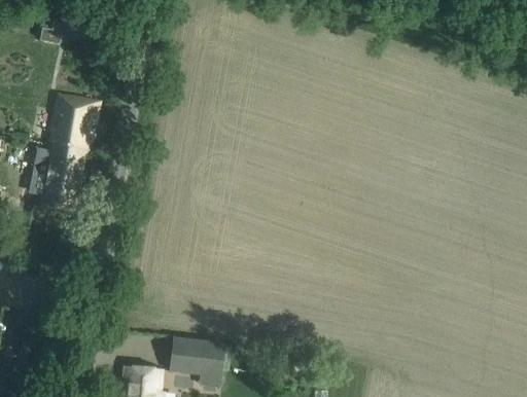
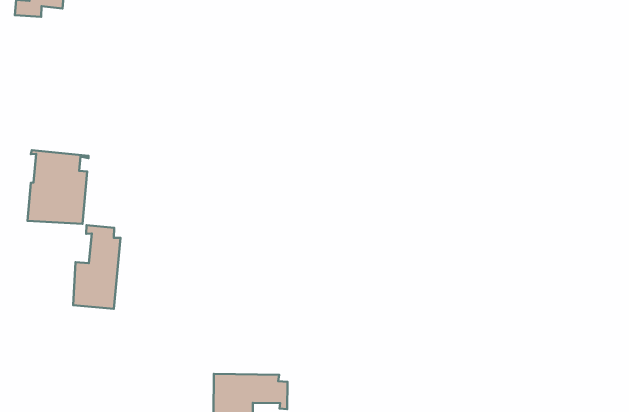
building: [43,94,98,156] -> none
building: none -> [73,225,120,309]

